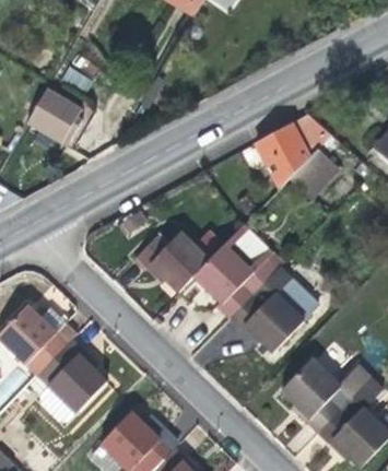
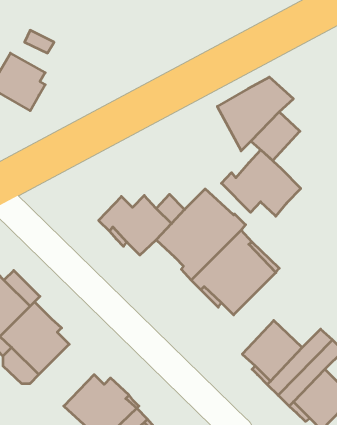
building: none -> [221,150,301,216]

